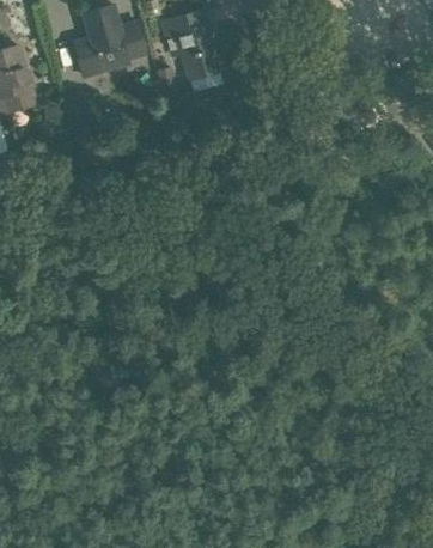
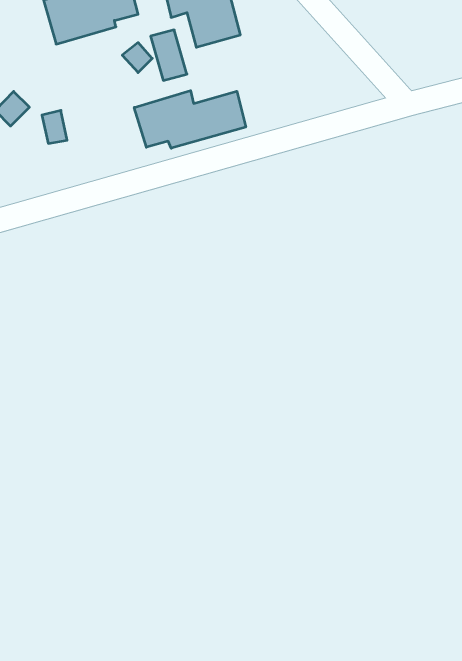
building: none -> [134,91,246,148]

